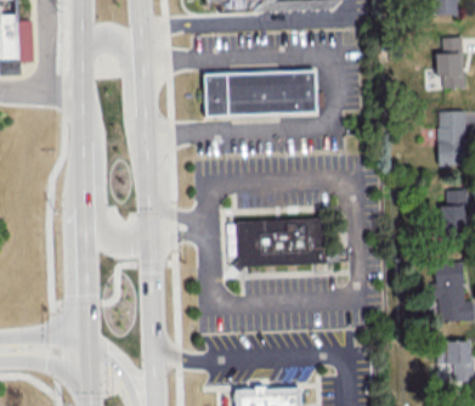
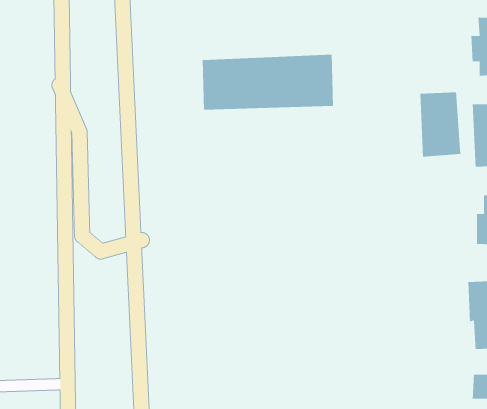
building: none -> [420,91,461,158]
building: [237,216,326,267] -> none

